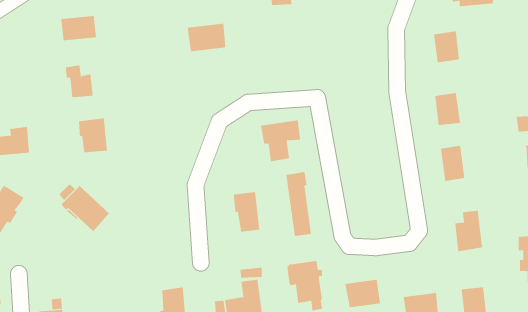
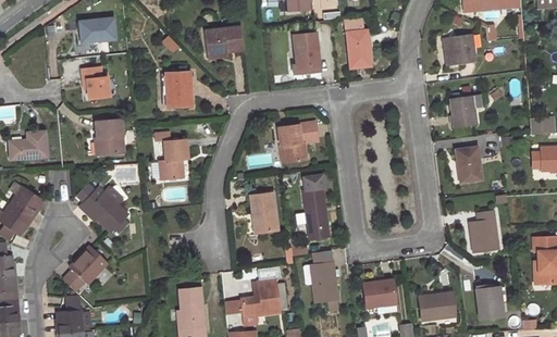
building: none -> [345,22,370,67]
building: none -> [293,33,318,74]
building: none -> [165,72,190,107]
building: none -> [153,130,188,178]
building: none -> [62,245,107,290]

